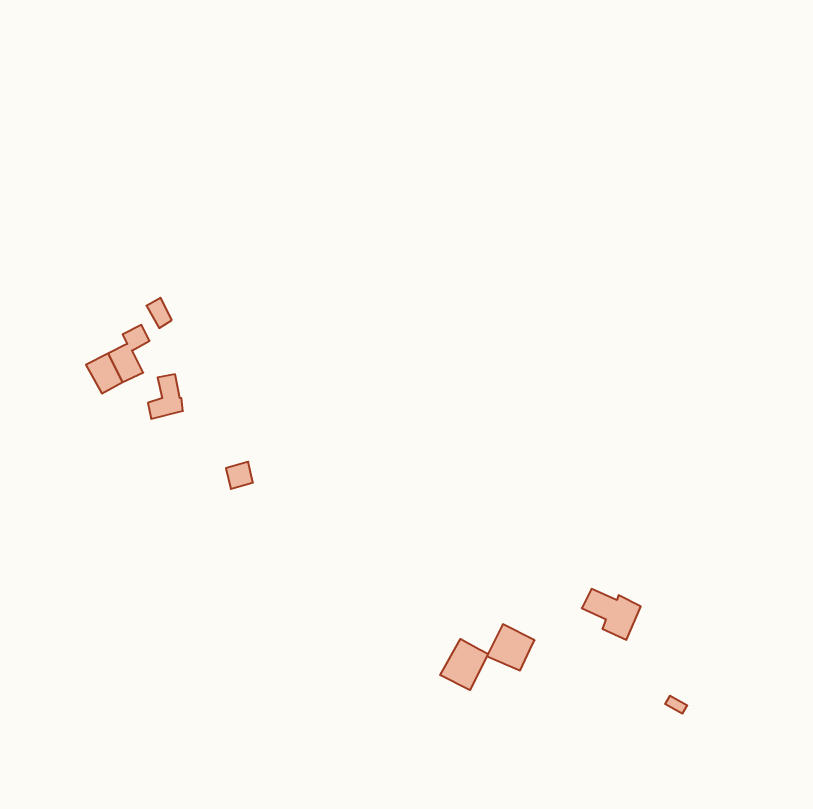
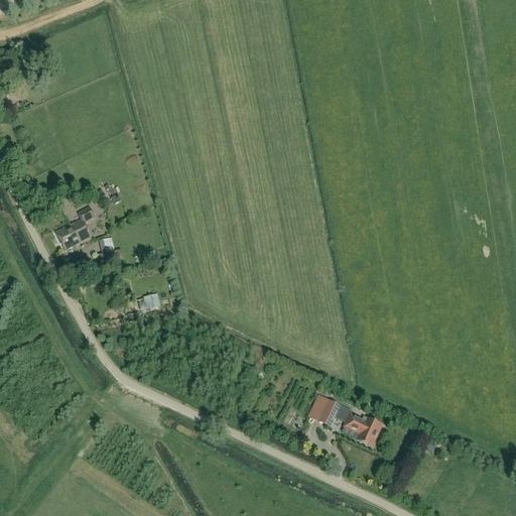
building: [582,589,641,640] -> [344,413,381,445]
building: [440,639,488,690] -> none

